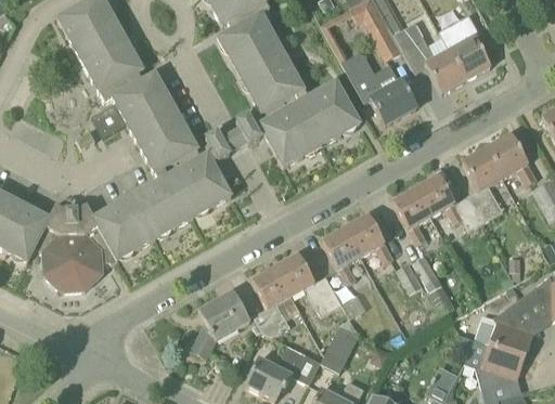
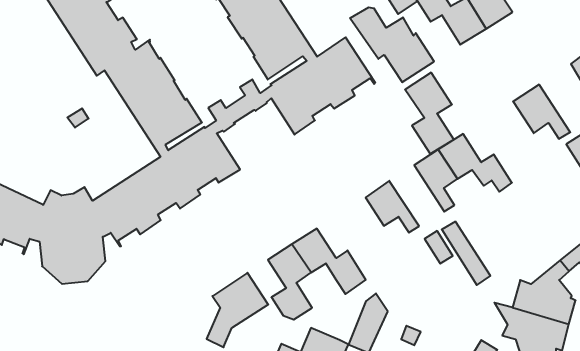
building: [462,147,504,222] -> [405,73,454,154]
building: [322,227,361,284] -> none

